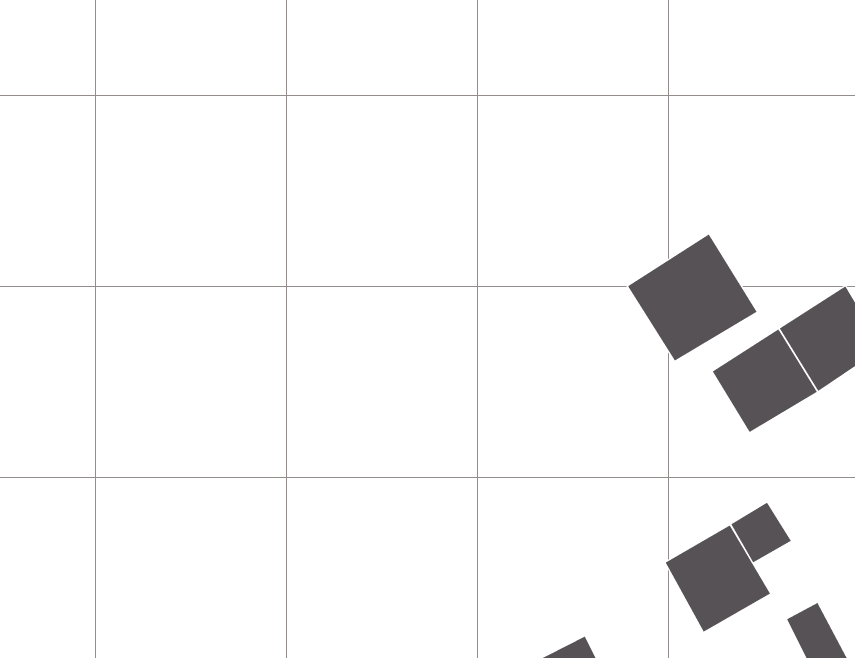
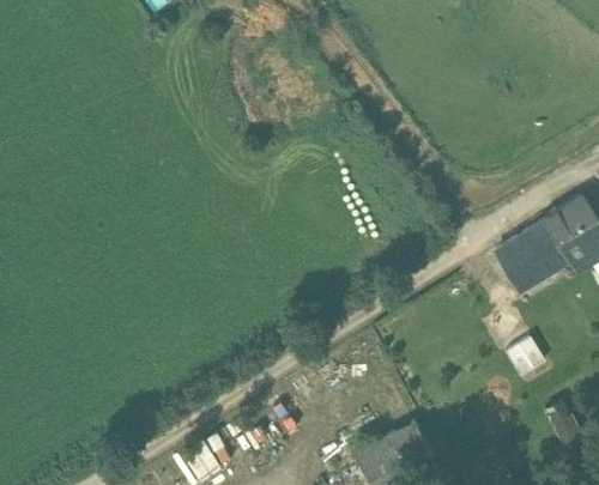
building: [627,233,758,362] -> none
building: [665,524,771,632] -> none

